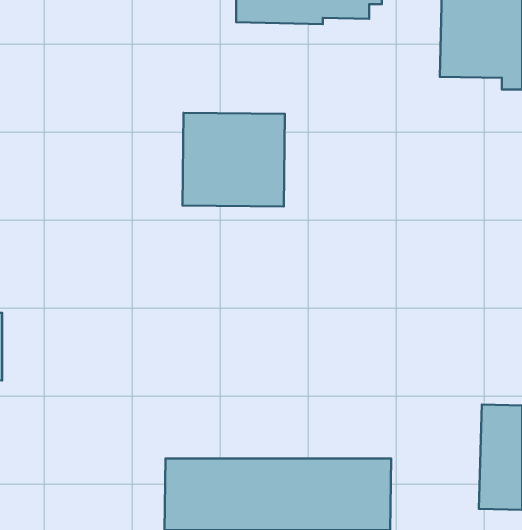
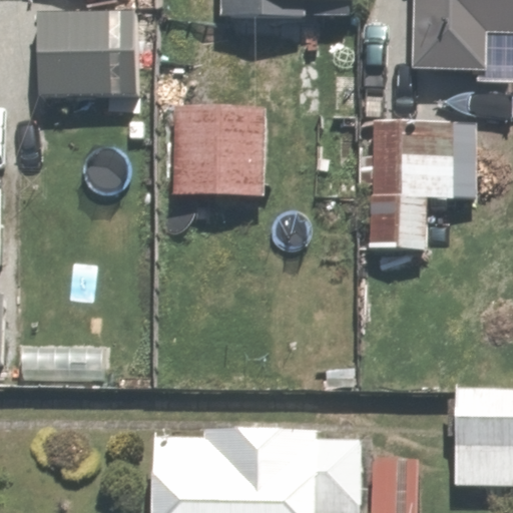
building: none -> [34,13,128,96]
building: none -> [372,125,457,256]

